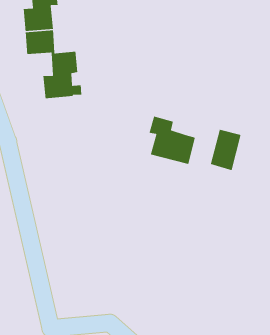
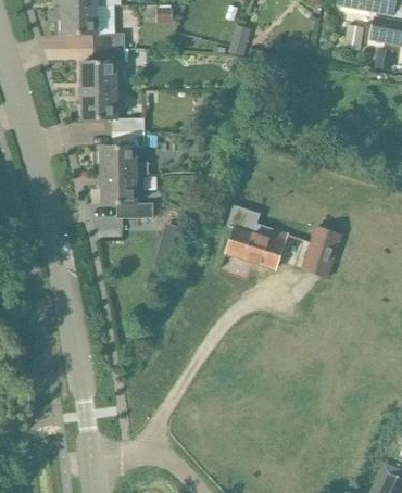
building: none -> [100,175,151,218]

